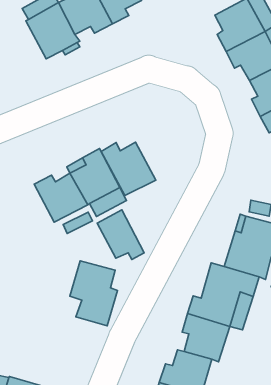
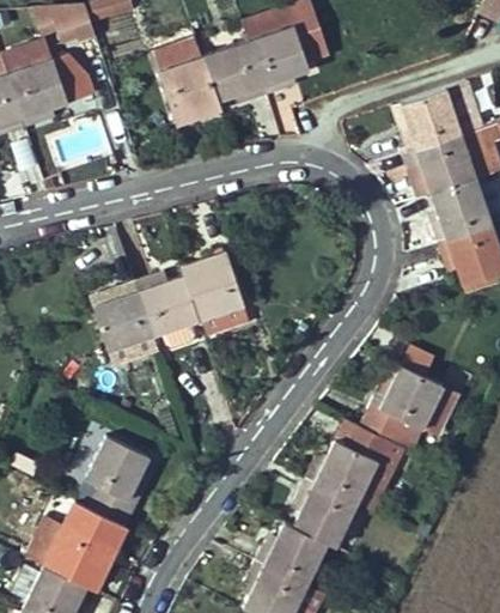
building: [101,142,156,195] -> none
building: none -> [92,283,153,352]
building: [97,210,144,259] -> none
building: [70,261,118,326] -> [85,437,148,526]

